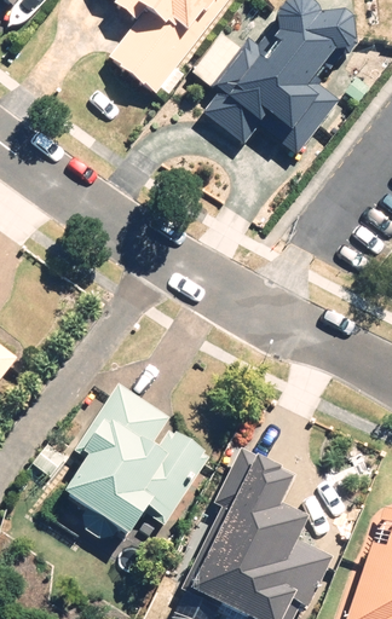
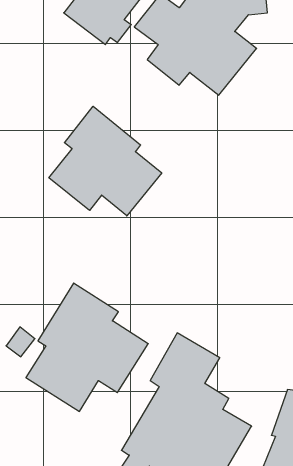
building: none -> [49,106,162,216]

